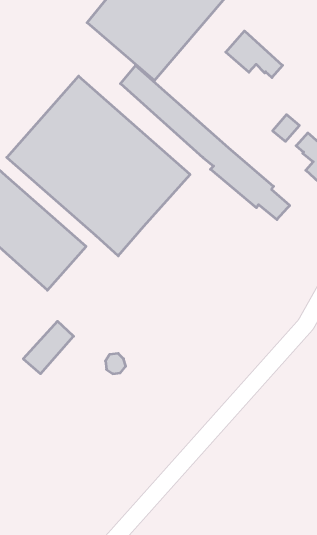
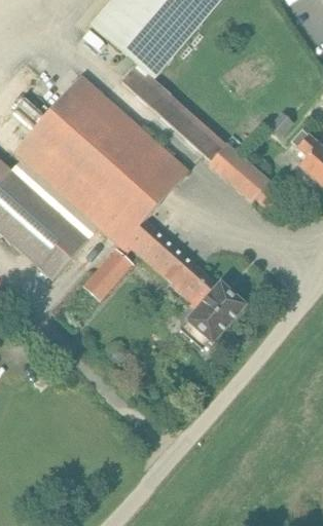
building: [226,31,283,78] -> none
building: none -> [119,218,247,344]
building: [23,321,74,374] -> [82,250,131,300]

